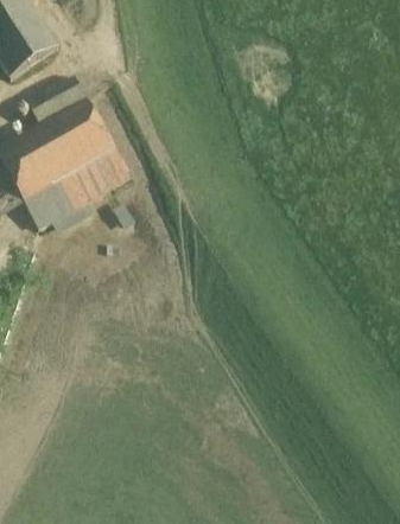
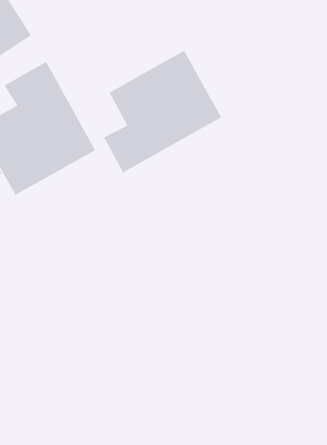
building: none -> [103,50,222,173]

